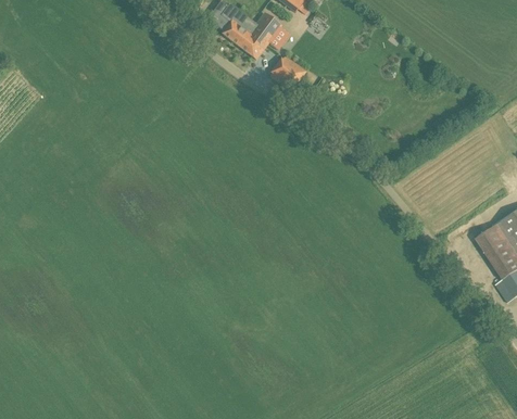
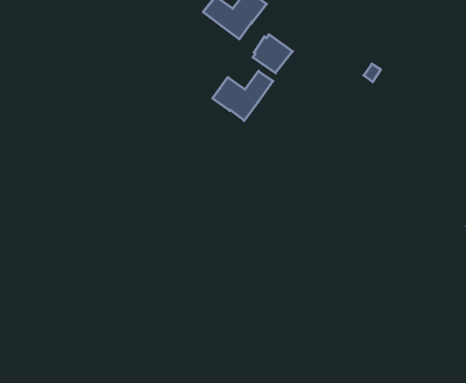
building: none -> [213,71,273,121]

